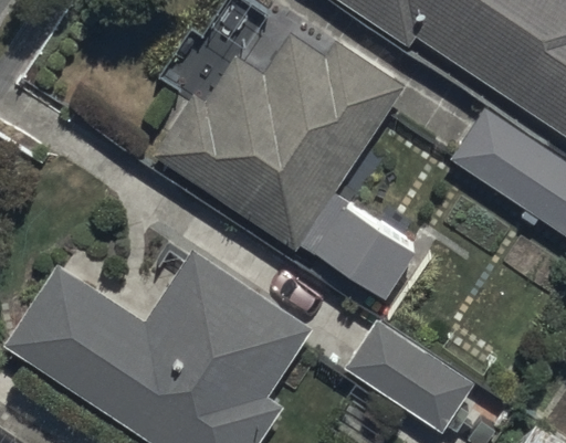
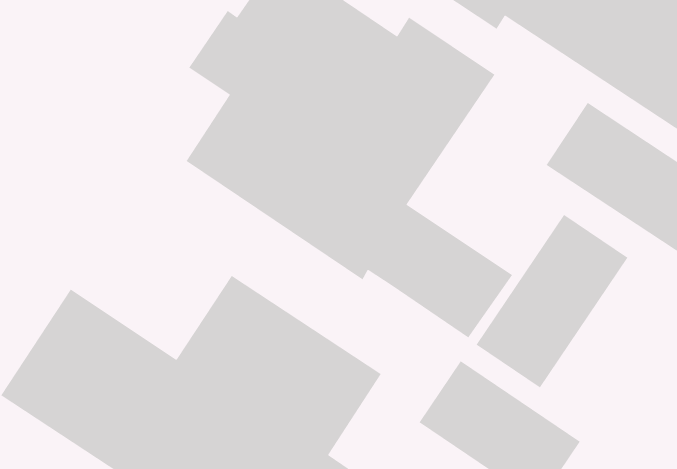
building: none -> [476,214,629,389]

